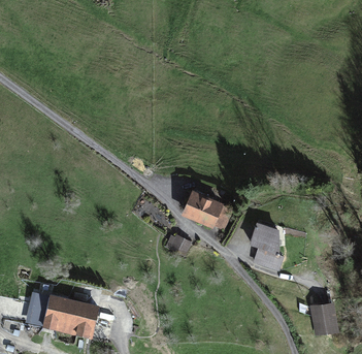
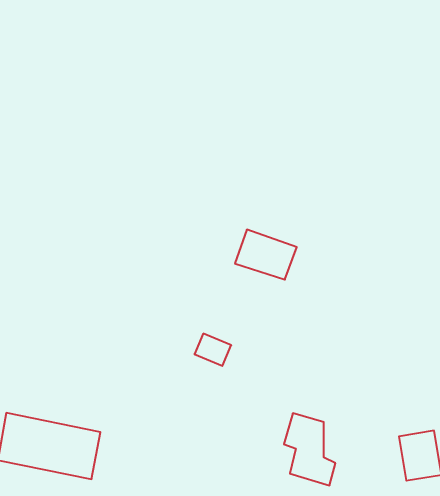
building: [180,191,224,226] -> [235,230,297,280]
building: [250,222,286,272] -> [284,413,335,485]

